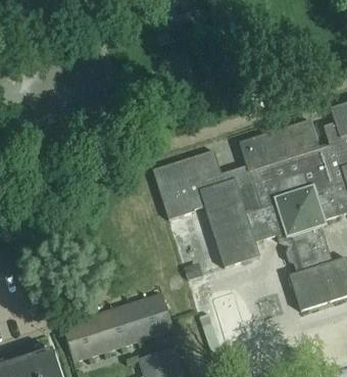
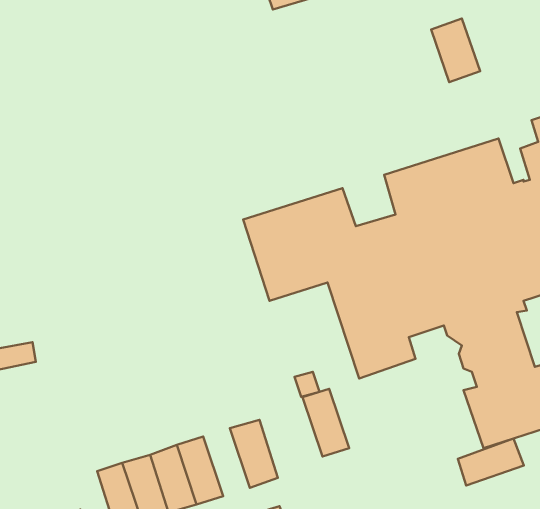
building: none -> [431,18,480,82]
building: [129,297,157,339] -> [303,389,349,457]
building: none -> [458,439,524,485]

